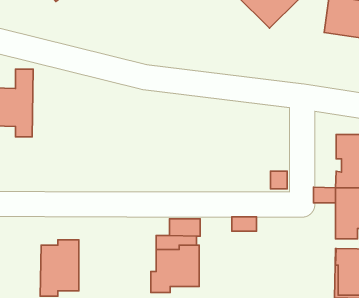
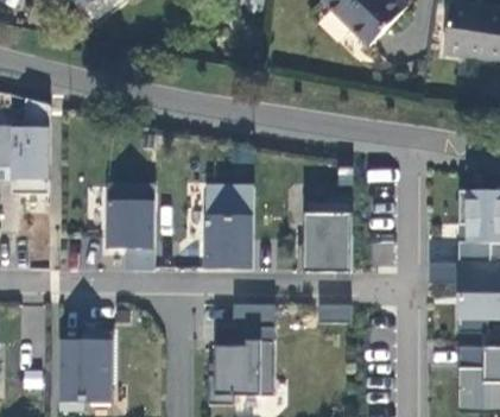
building: none -> [107,184,153,270]
building: none -> [204,184,253,267]
building: none -> [304,200,352,270]

